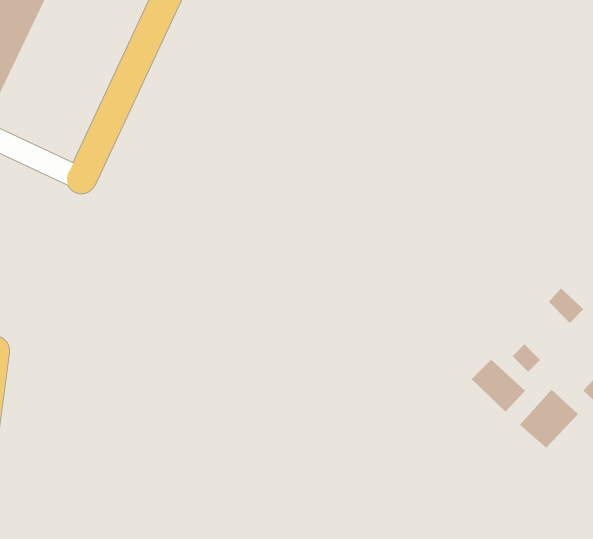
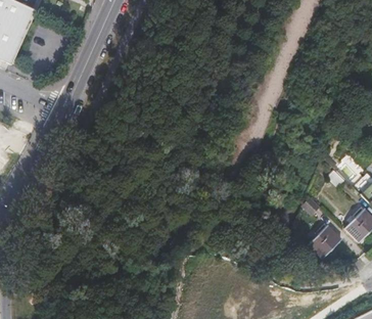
building: [471,359,526,412] -> none

